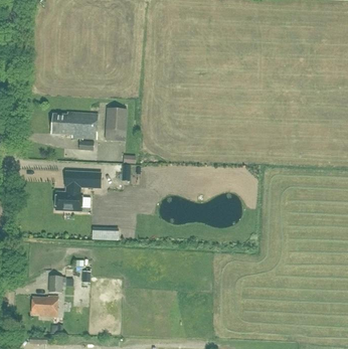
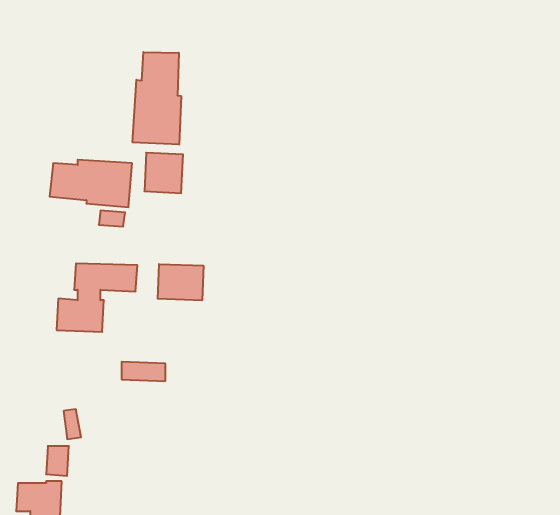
building: none -> [133,52,181,145]
building: none -> [158,264,203,300]

